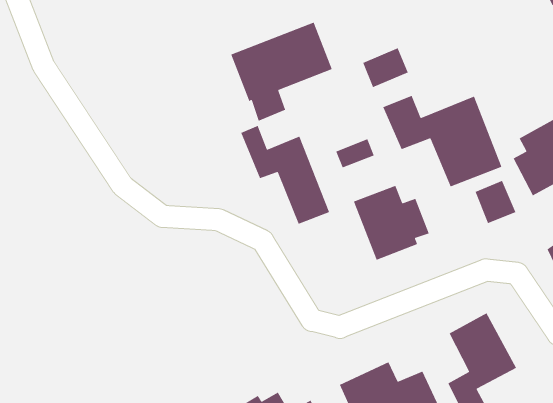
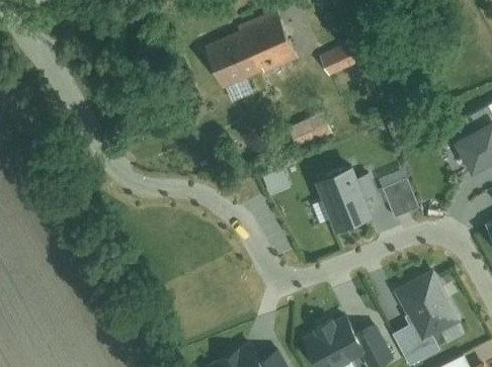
building: [382,95,503,188] -> none
building: [240,125,330,225] -> none
building: [475,180,517,224] -> [384,180,420,218]

